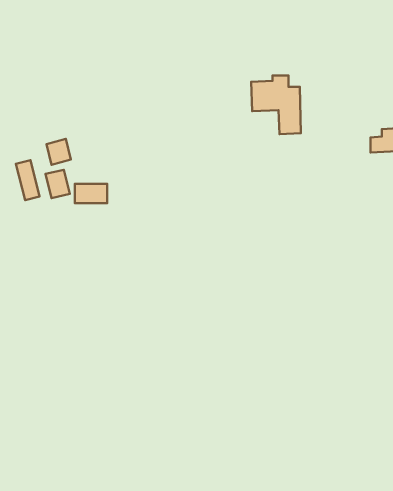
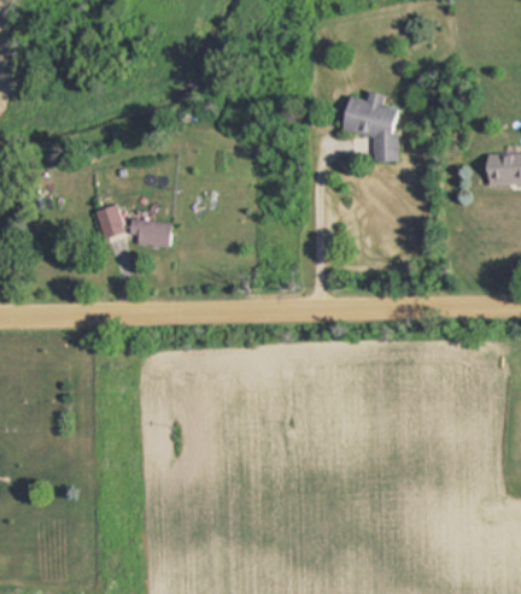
building: [46,139,71,165] -> none
building: [16,160,40,200] -> none

